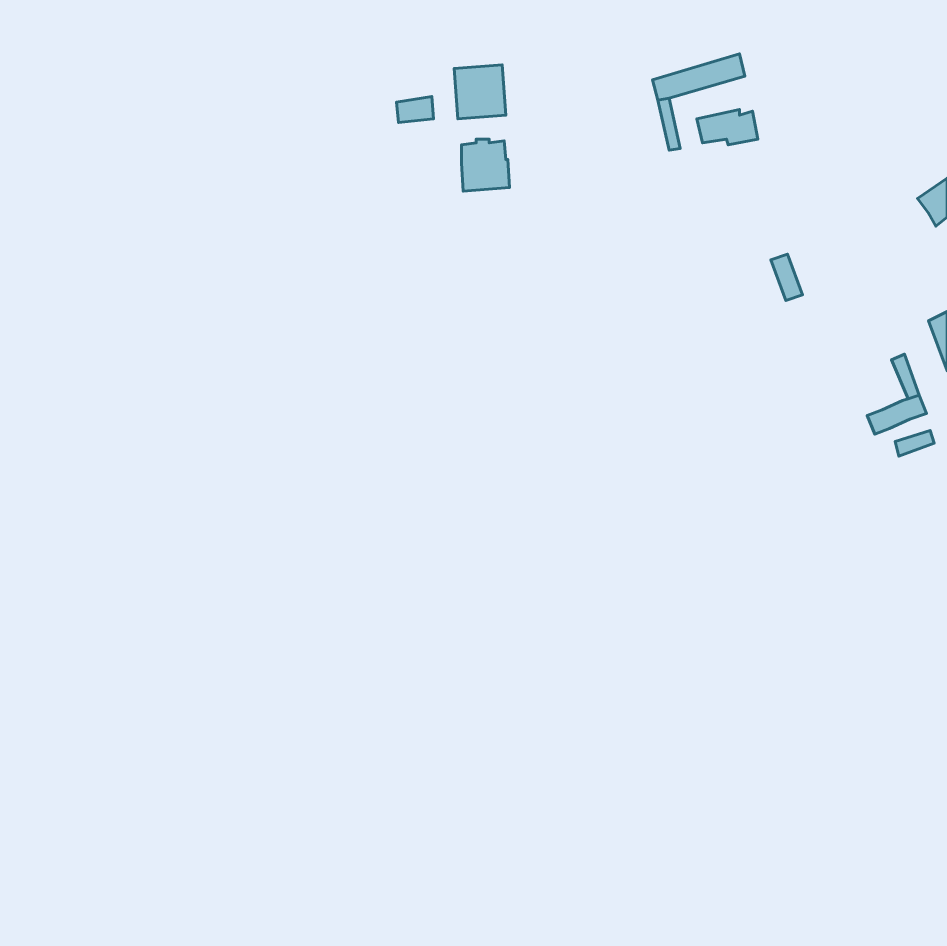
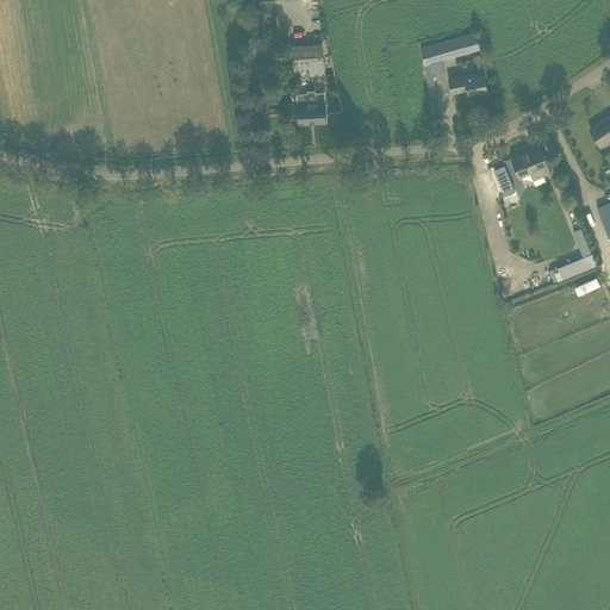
building: none -> [511,145,550,180]

